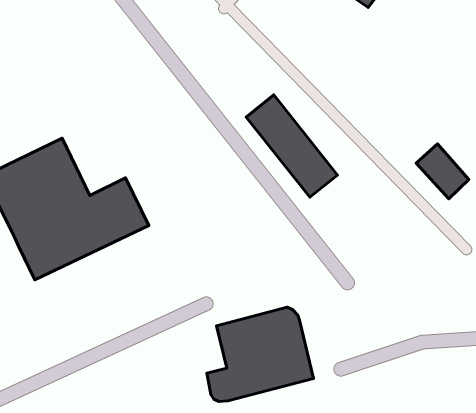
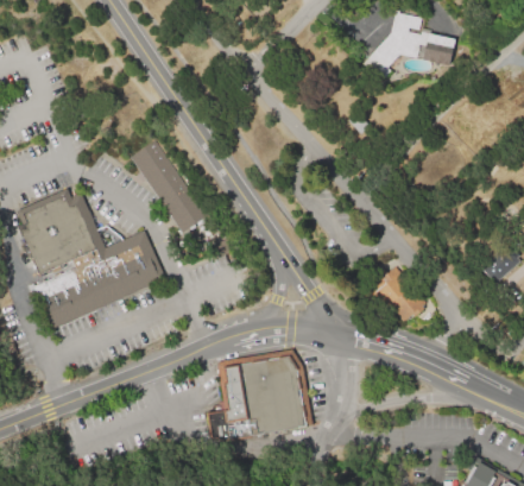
building: [246,95,337,197] -> [128,139,210,238]
building: [416,144,469,199] -> [377,267,425,320]

